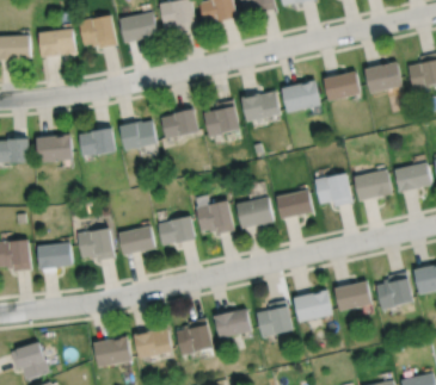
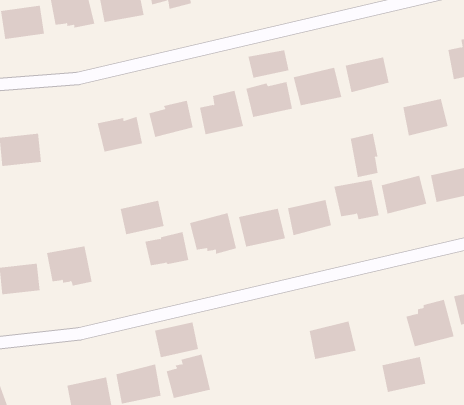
building: [364,62,403,93] -> [402,99,449,136]
building: none -> [248,50,289,79]
building: [79,128,116,156] -> none
building: none -> [350,133,378,178]
building: [118,226,155,255] -> [120,200,164,235]
building: [334,281,371,311] -> [382,356,426,392]
building: [257,300,293,336] -> none
building: [215,309,252,339] -> [154,322,199,358]

